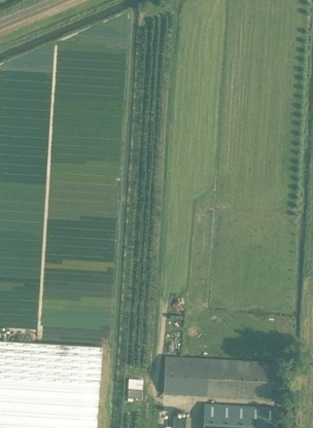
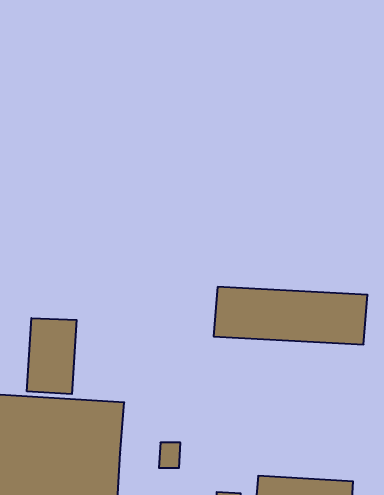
building: none -> [27,318,77,394]
building: [162,356,280,400] -> [214,287,368,344]

